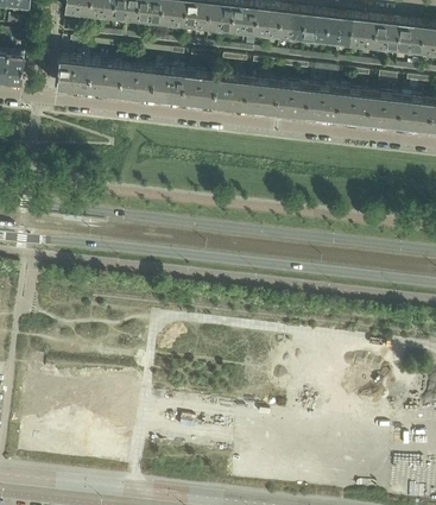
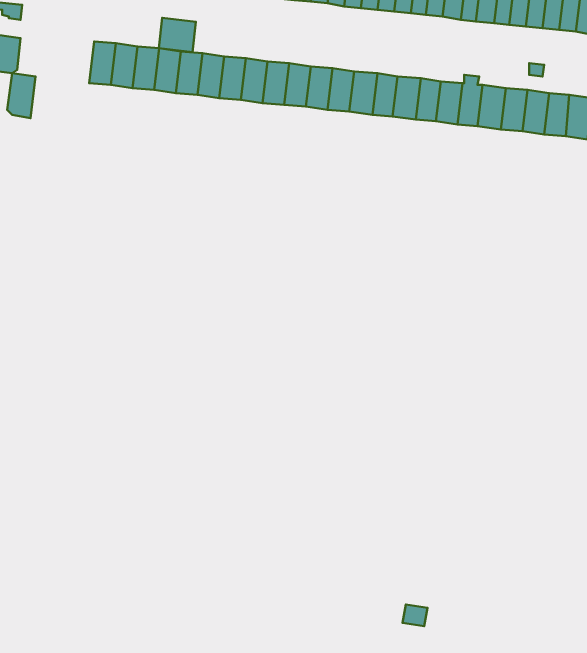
building: none -> [159,18,196,52]
building: [57,61,77,93] -> [7,73,36,118]

